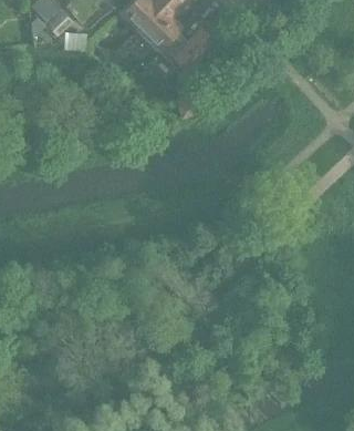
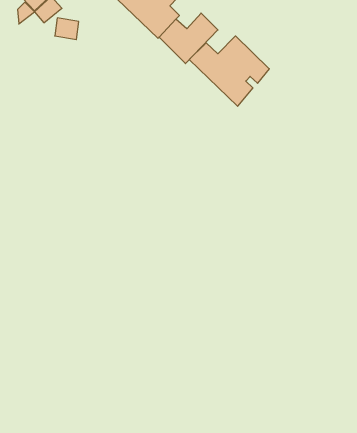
building: none -> [189,36,269,106]

